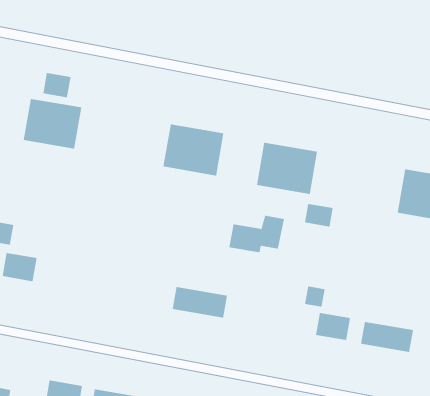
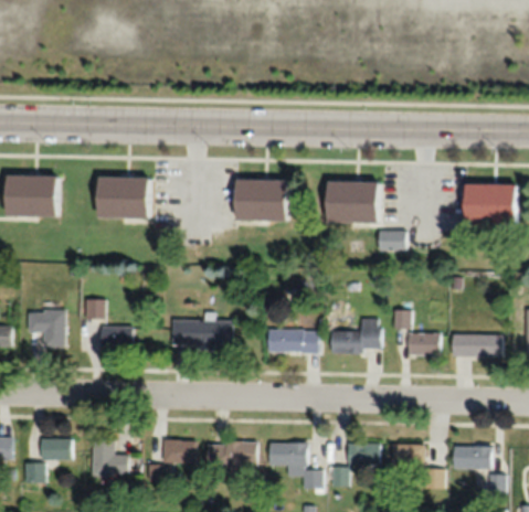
building: [43,72,71,98] -> none
building: [229,215,285,253] -> [331,318,380,354]
building: none -> [171,320,232,345]

